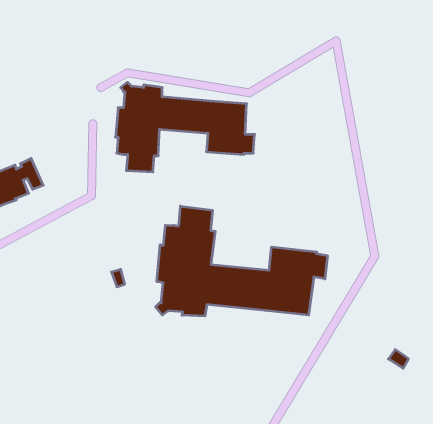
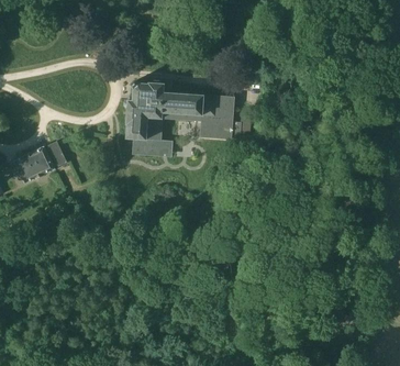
building: [156,206,327,316] -> none

